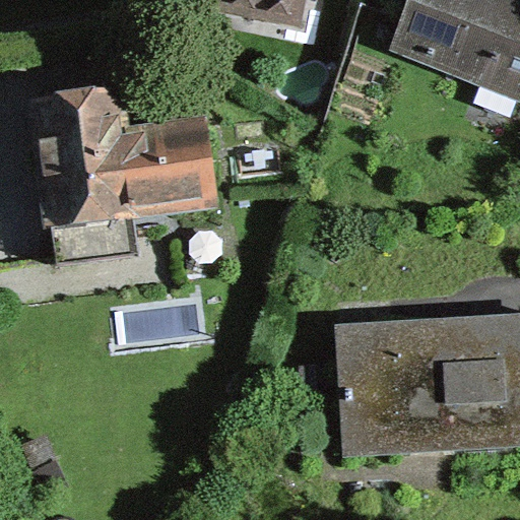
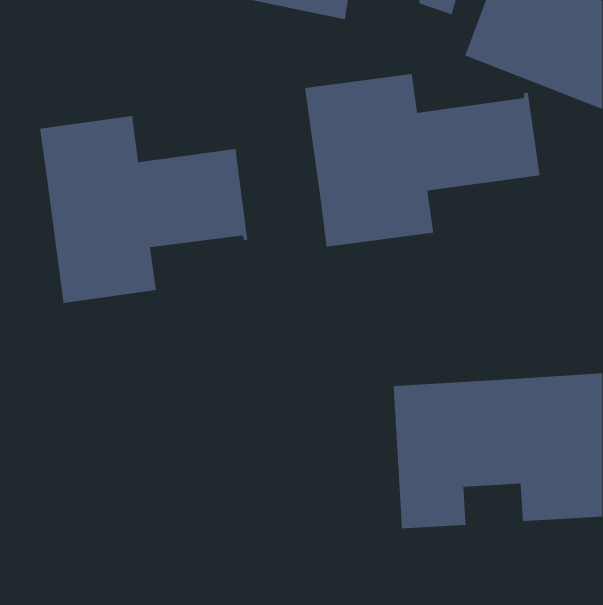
building: none -> [304,73,541,247]

